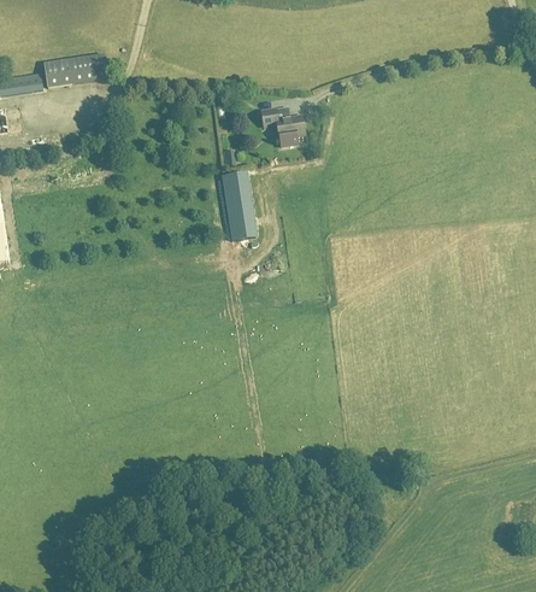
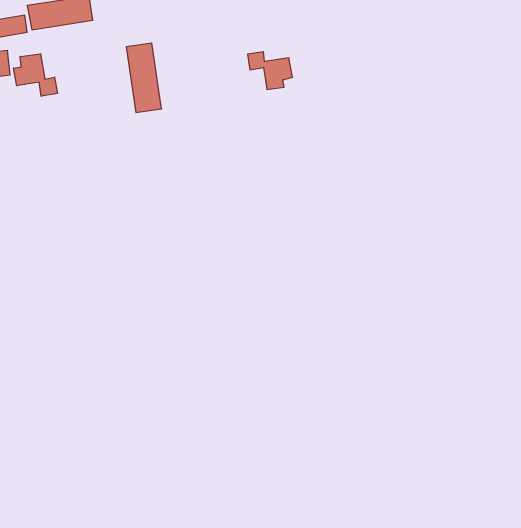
building: none -> [14,54,57,96]
building: [220,170,255,239] -> [126,43,162,112]

